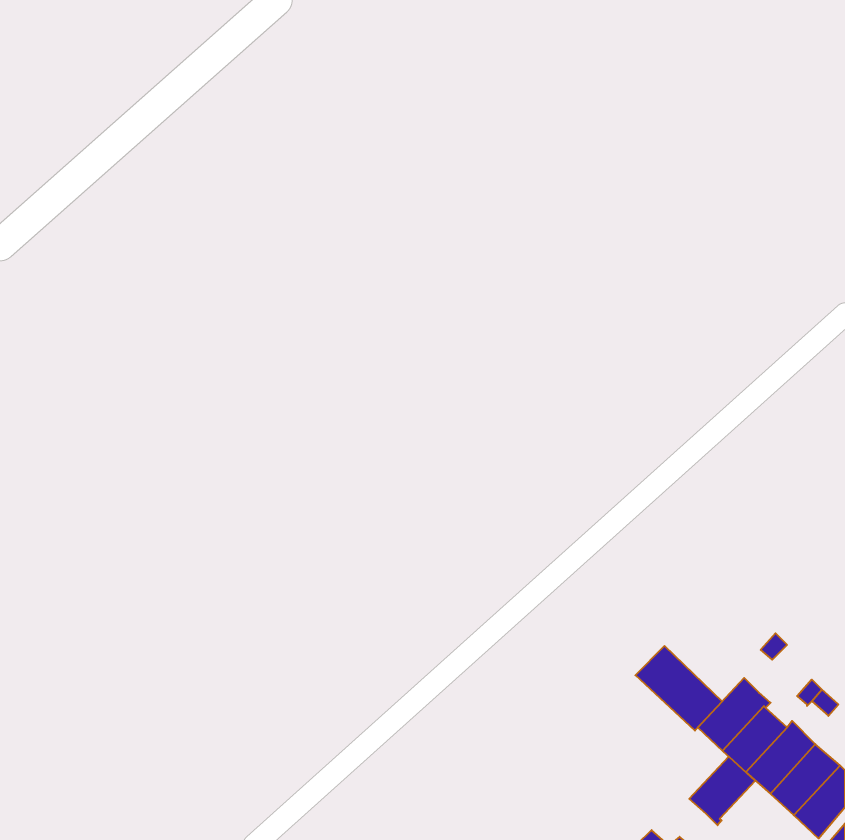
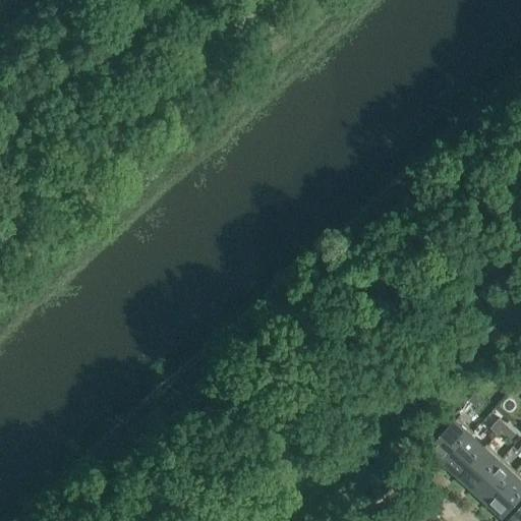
building: [635,646,722,731] -> none
building: [689,756,755,825] -> none

